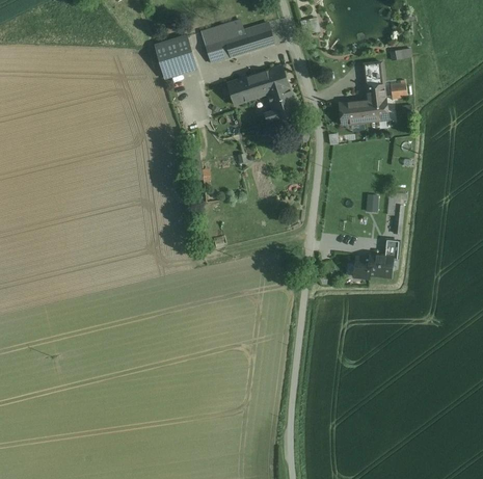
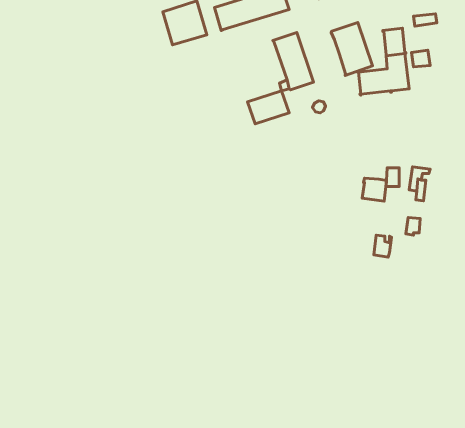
building: none -> [331,22,372,75]
building: [226,74,266,105] -> [247,91,289,124]
building: [368,255,391,276] -> [362,178,386,201]

